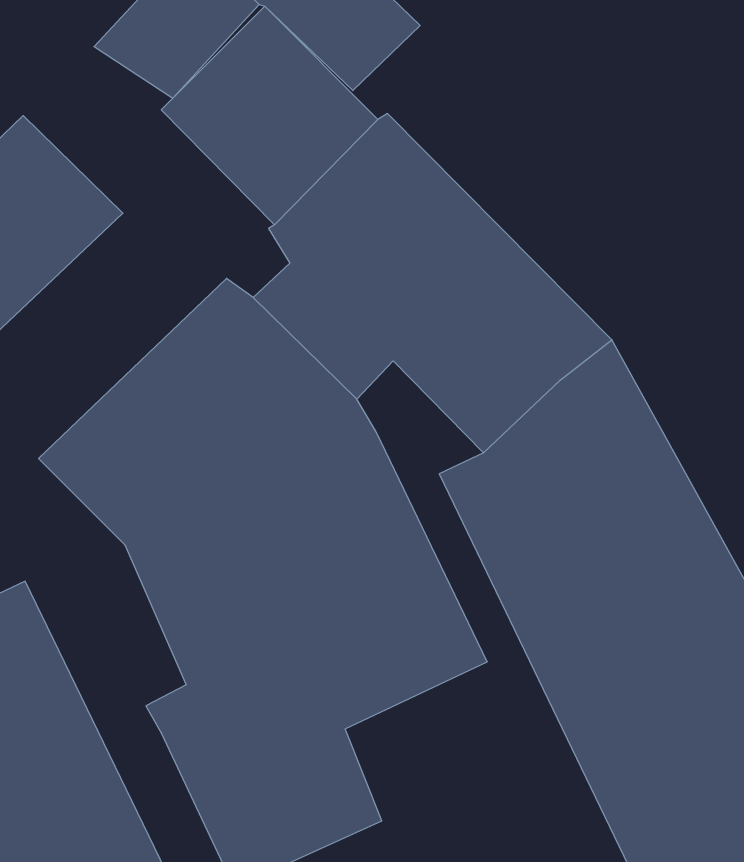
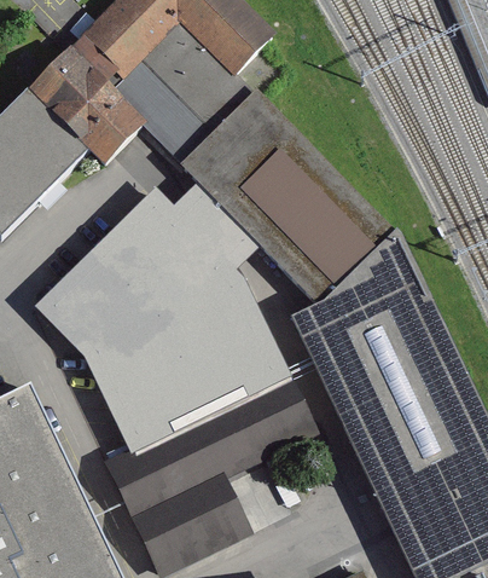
building: none -> [24,47,143,163]

